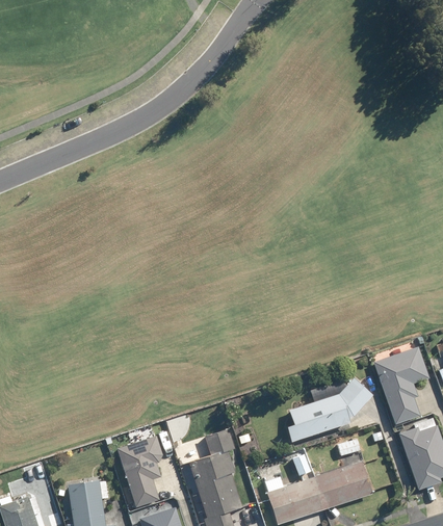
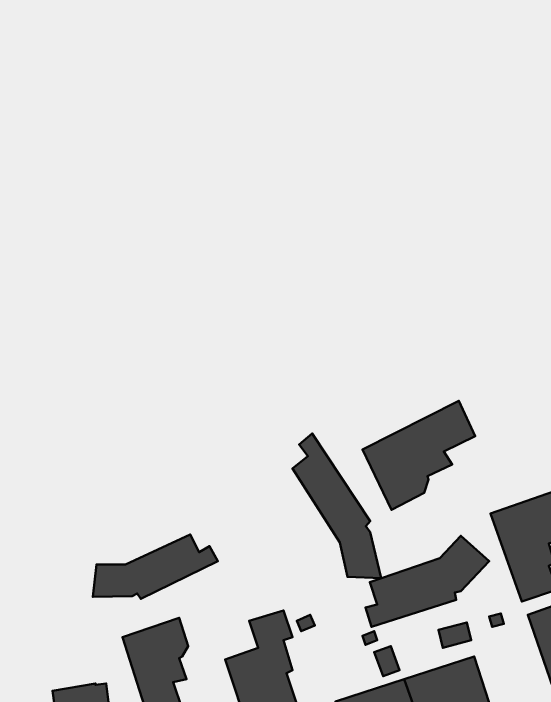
building: none -> [363,401,475,510]
building: none -> [293,433,381,578]
building: none -> [93,534,218,599]

